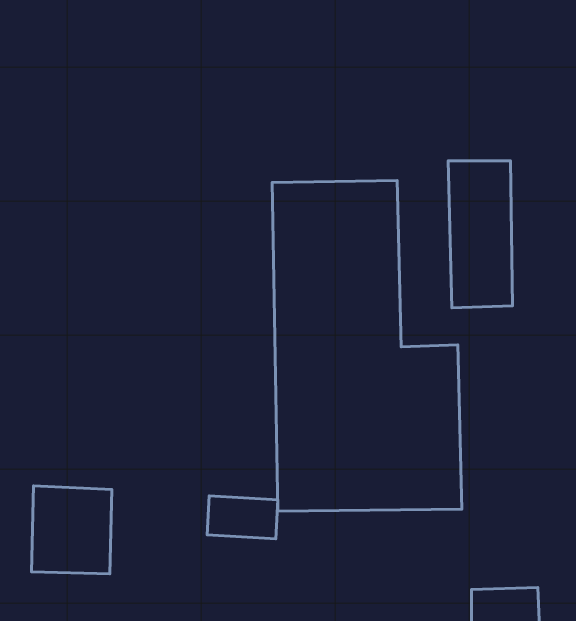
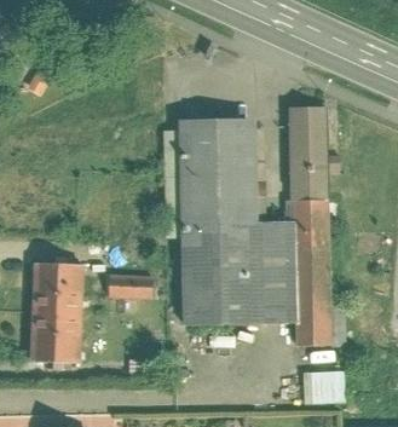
building: none -> [294,202,331,346]
building: none -> [31,261,82,311]
building: [207,496,278,539] -> [108,272,151,299]

